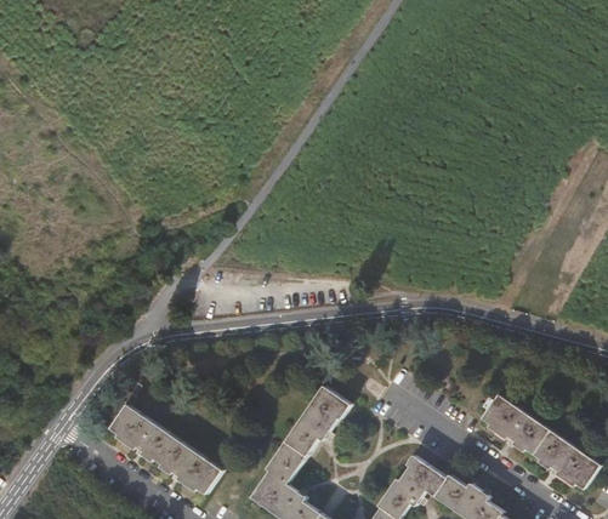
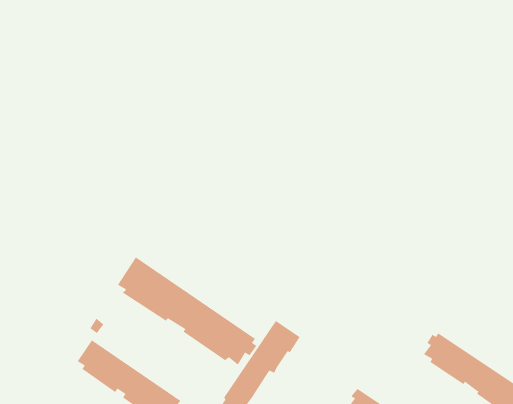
building: none -> [117,256,257,365]

